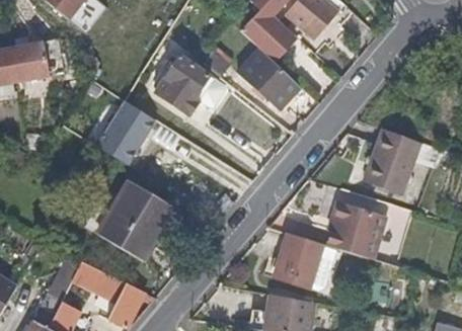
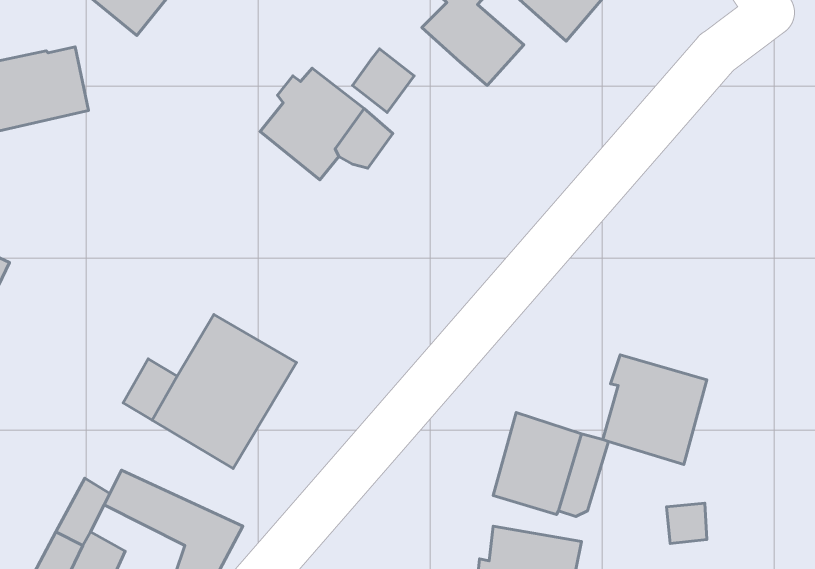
building: [237,49,298,107] -> none
building: [96,100,155,165] -> none
building: [367,128,425,194] -> none

